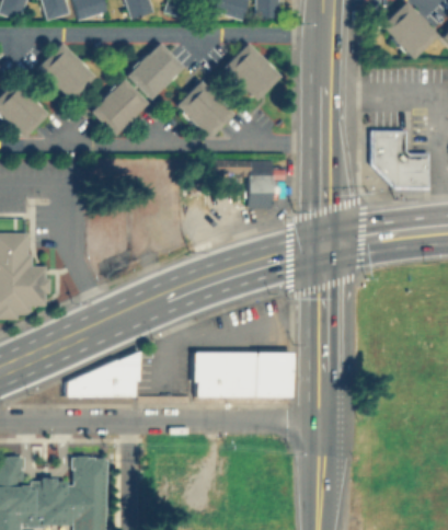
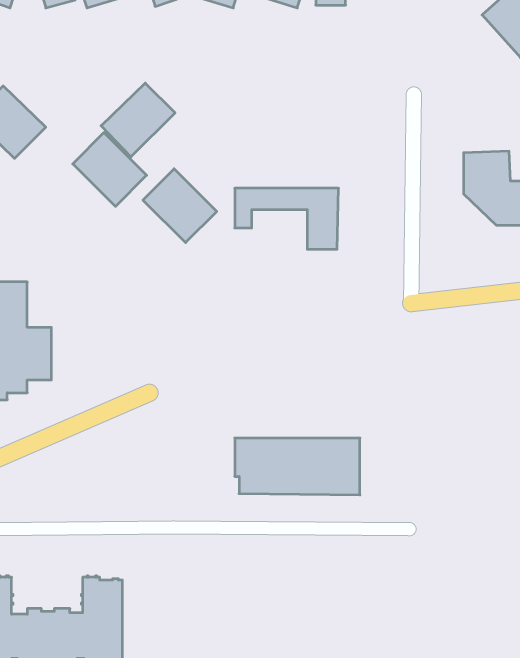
building: [37,43,94,100] -> [73,133,147,206]
building: [126,43,183,99] -> none
building: [223,44,279,100] -> none
building: [176,81,233,138] -> [143,169,217,243]
building: [66,350,139,395] -> none

